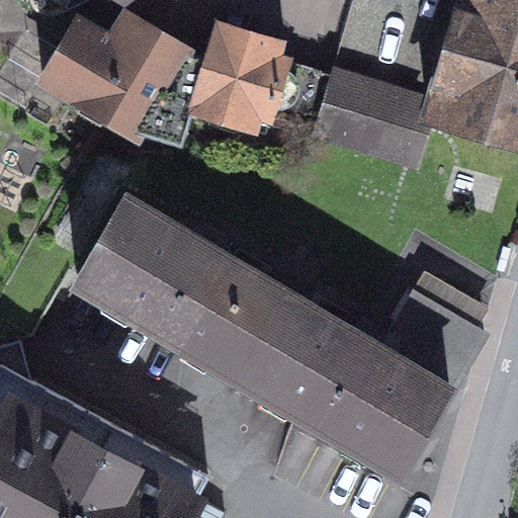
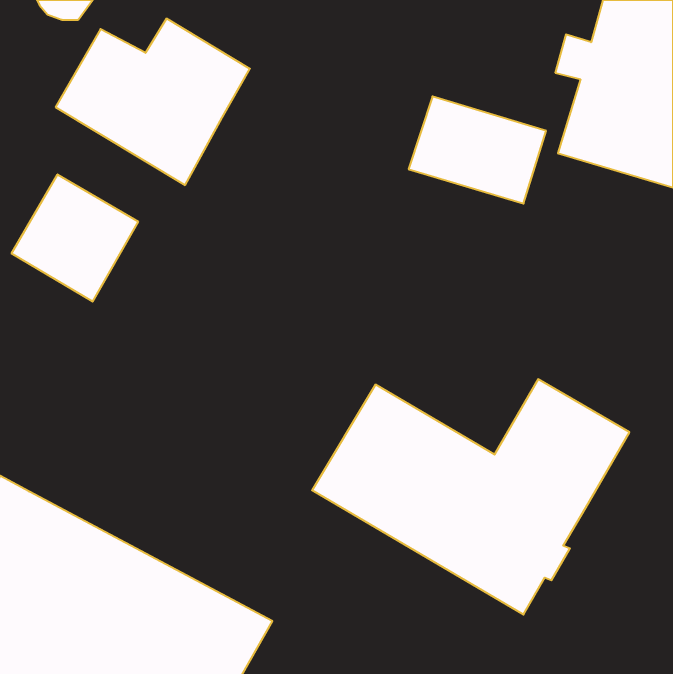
building: [170,25,331,131] -> none
building: none -> [12,174,138,302]
building: [78,200,287,376] -> none

